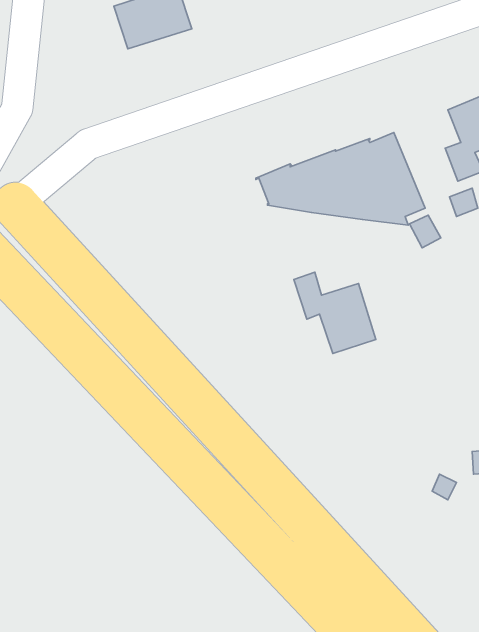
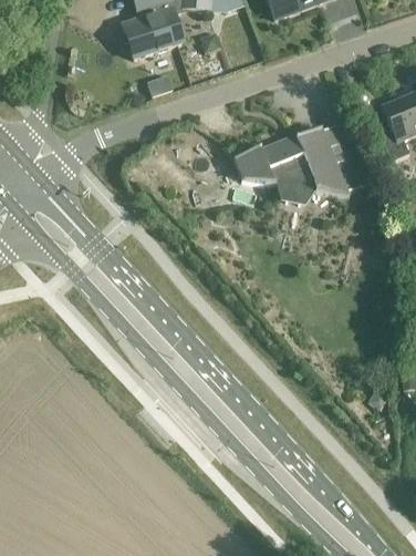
building: [294,272,376,353] -> none

